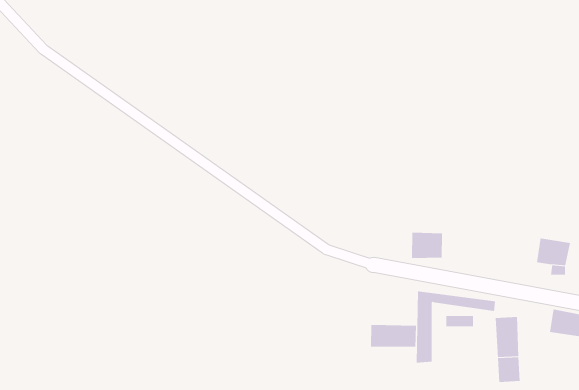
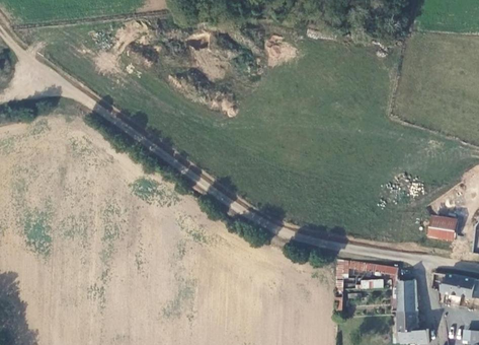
building: [411,232,443,259] -> none
building: [371,324,416,348] -> none

